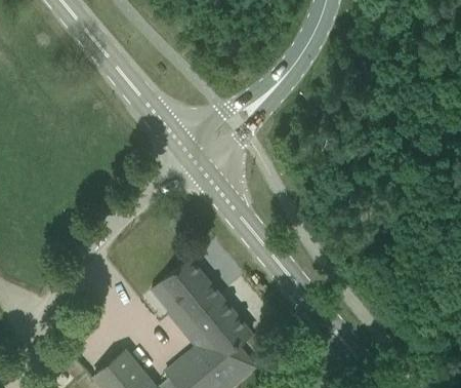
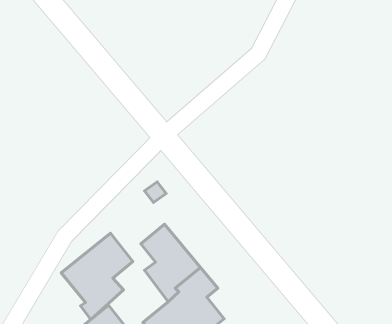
building: none -> [61,233,133,320]

